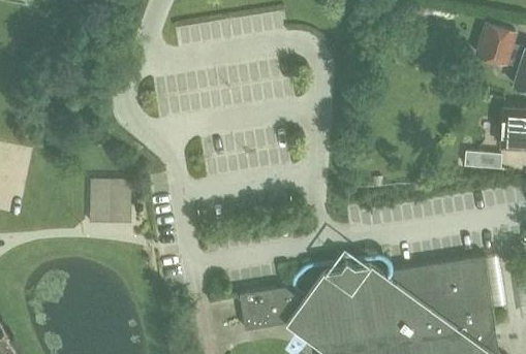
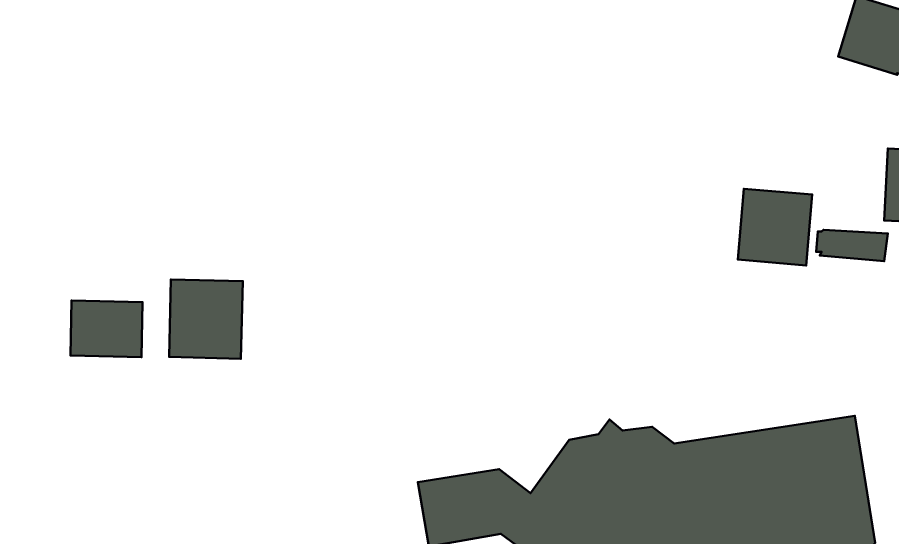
building: none -> [738,189,812,265]
building: none -> [70,300,143,357]

